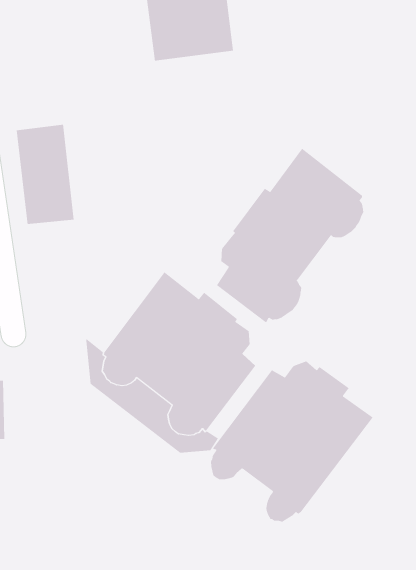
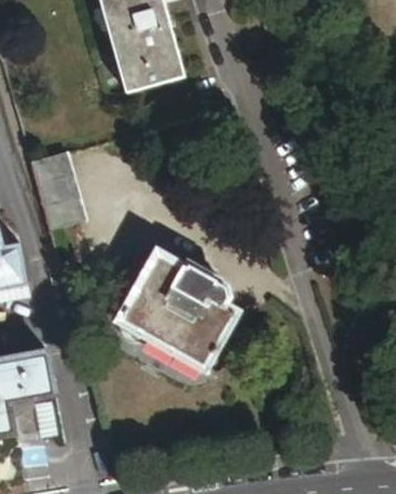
building: [216,148,364,323] -> none
building: [211,360,374,523] -> none

